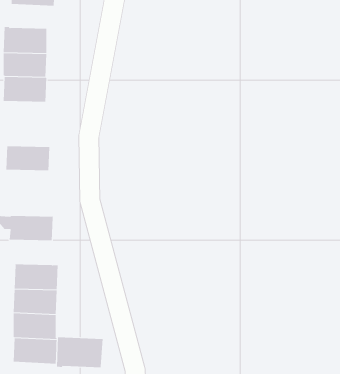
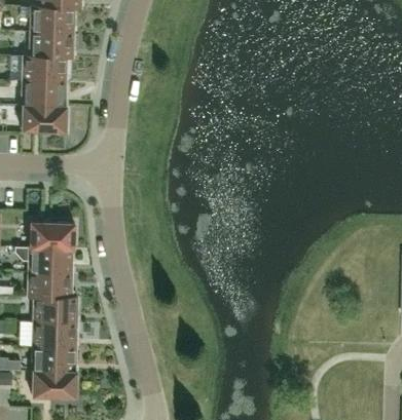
building: none -> [28,32,73,58]
building: [6,146,50,171] -> [29,222,74,247]
building: none -> [27,271,71,297]
building: [57,336,103,368] -> none

